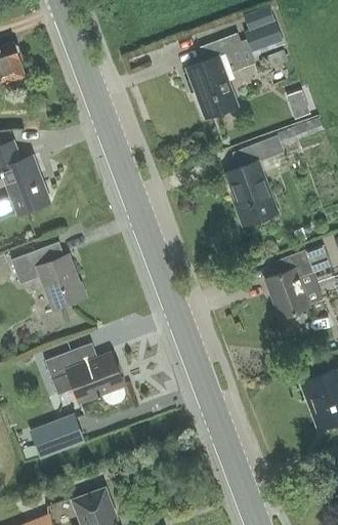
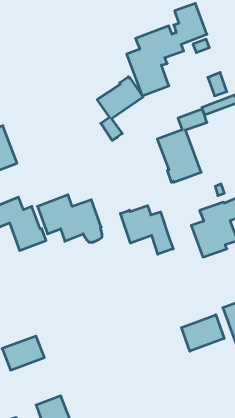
building: none -> [97,77,143,140]
building: none -> [120,206,173,254]
building: [45,346,125,404] -> [37,195,102,242]
building: none -> [181,315,224,351]

